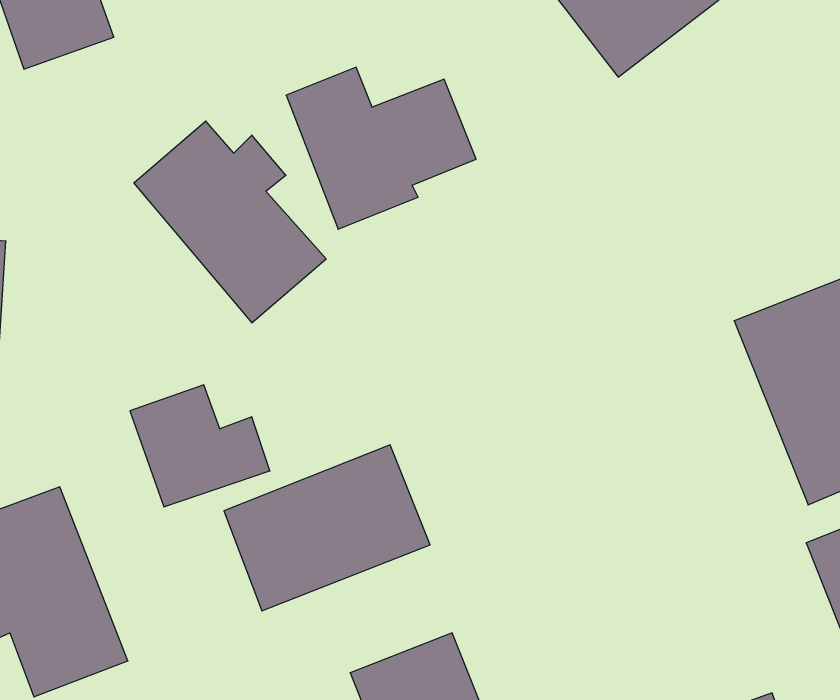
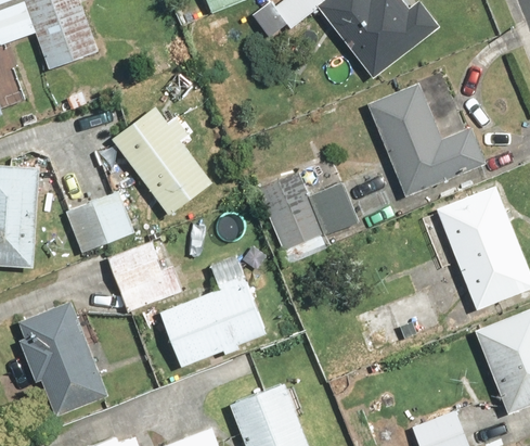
building: [286,67,476,229] -> [257,174,360,262]
building: none -> [366,81,487,195]
building: none -> [64,194,130,252]

